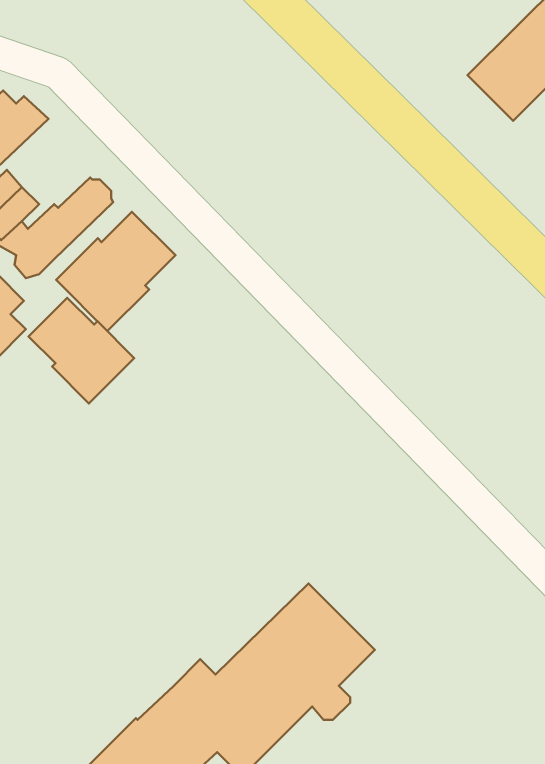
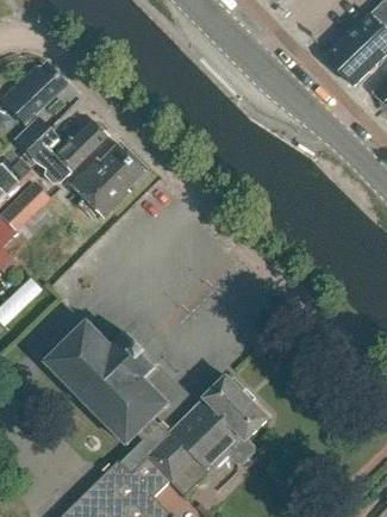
building: [29,298,134,403] -> none
building: none -> [46,320,169,443]

